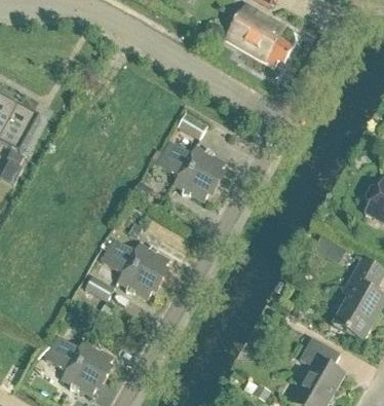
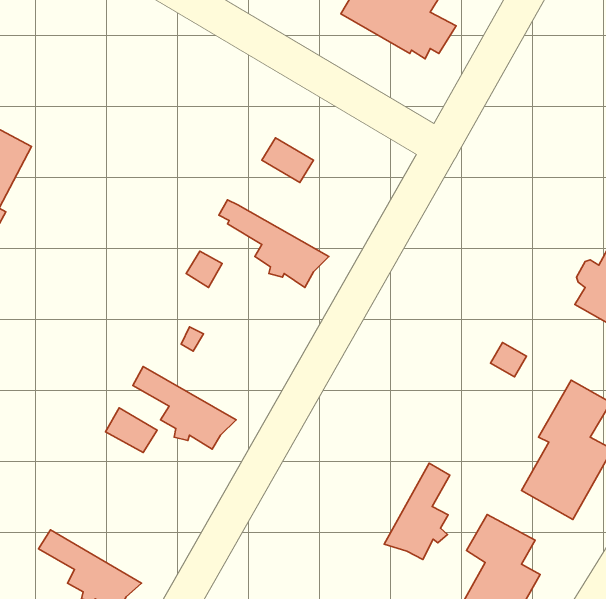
building: [163,142,226,184] -> none
building: [107,239,169,282] -> none
building: none -> [384,463,450,559]
building: [51,336,114,379] -> none

